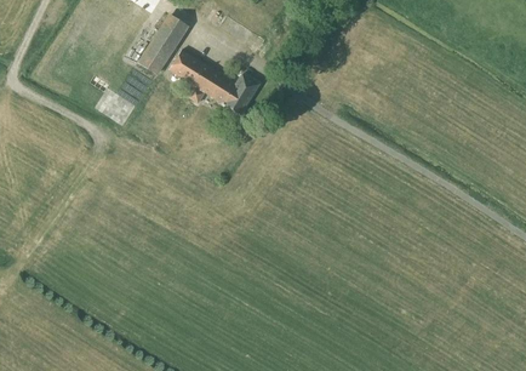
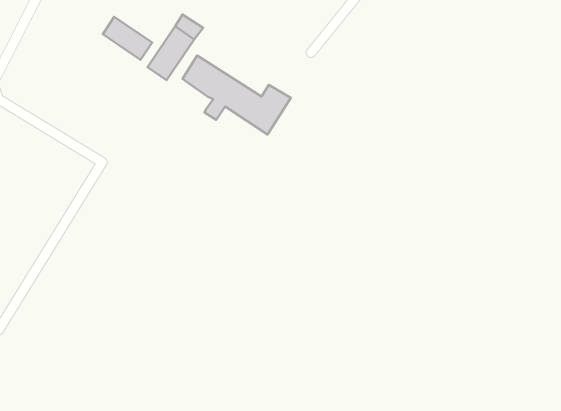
building: none -> [103,17,152,60]

